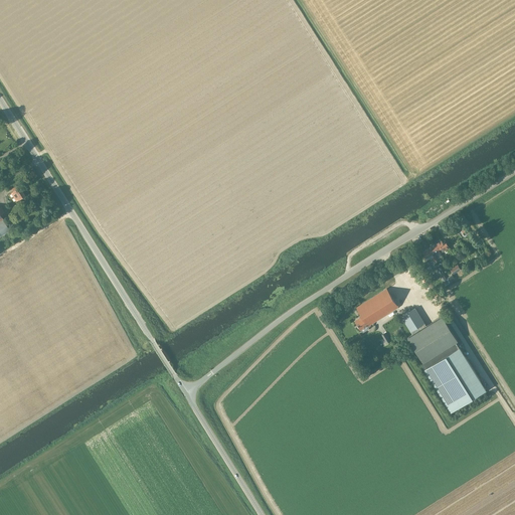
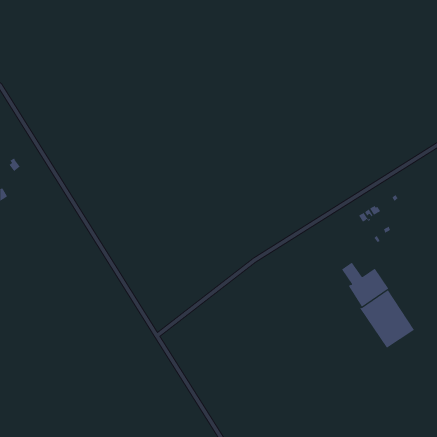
building: [354,290,396,331] -> none

